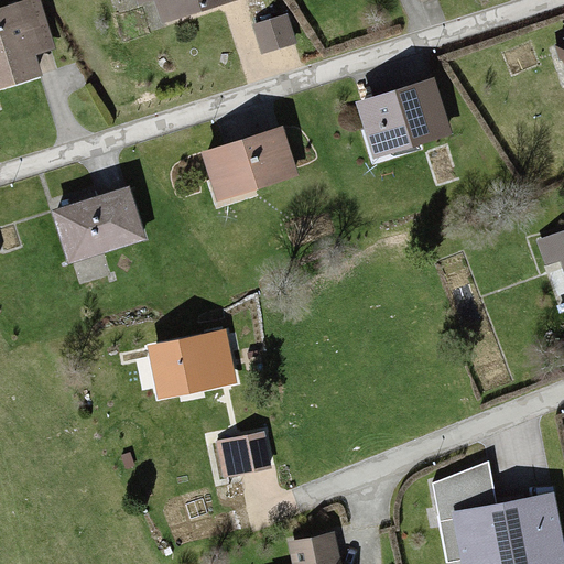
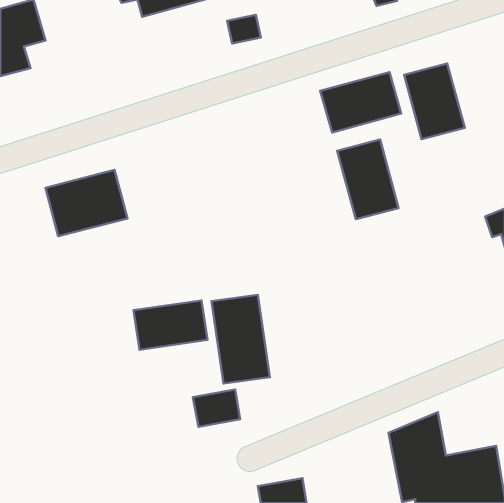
building: none -> [404,64,465,139]
building: [203,129,293,197] -> none
building: none -> [337,140,399,219]
building: none -> [212,295,270,383]

